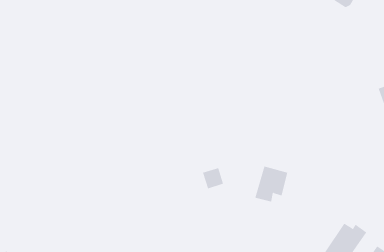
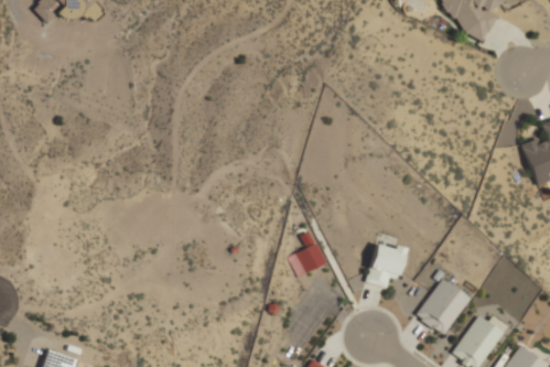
building: none -> [414,278,471,337]

